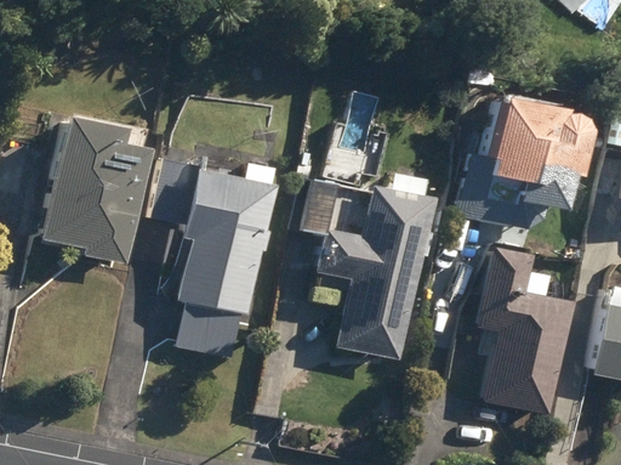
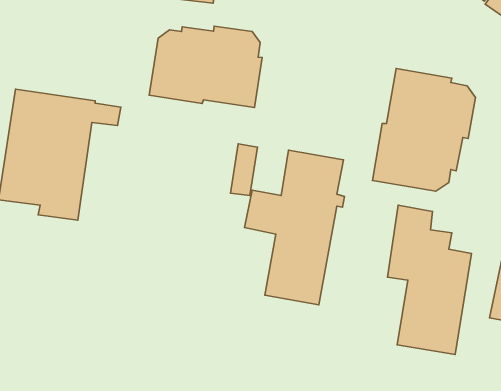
building: none -> [149,26,262,108]
building: [155,160,277,359] -> none

